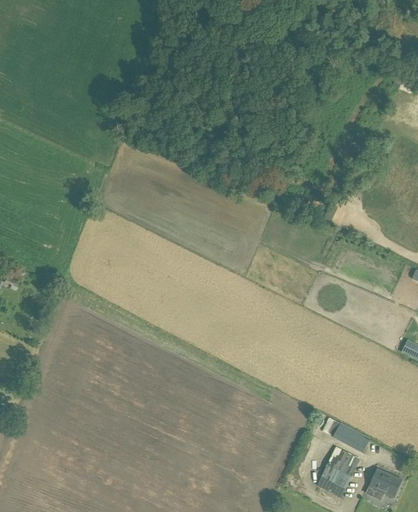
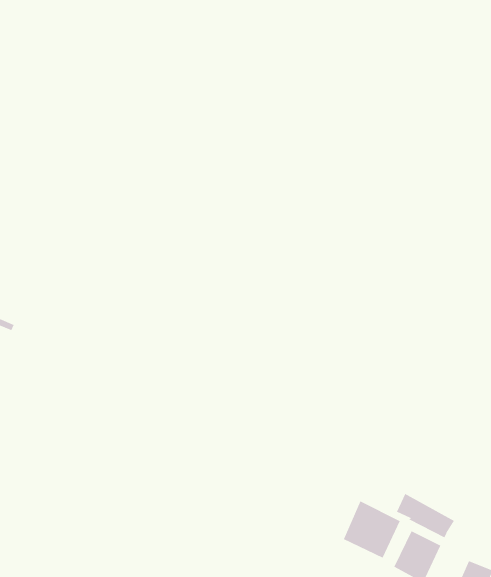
building: none -> [343,501,401,559]

